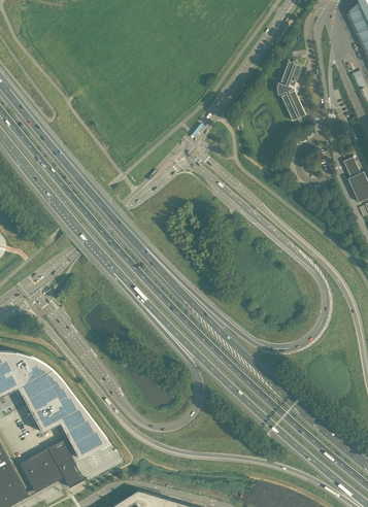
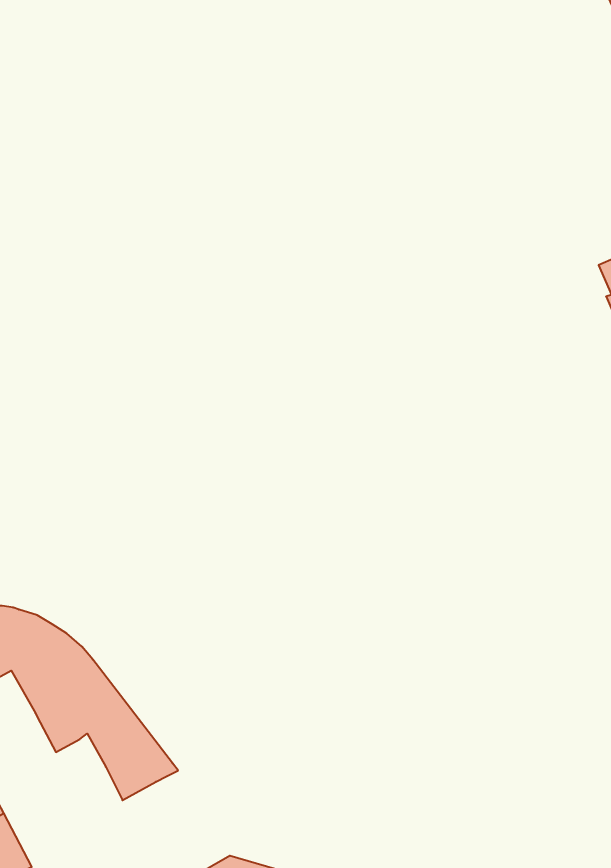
building: [277,62,305,121] -> none
building: [19,440,83,493] -> none

